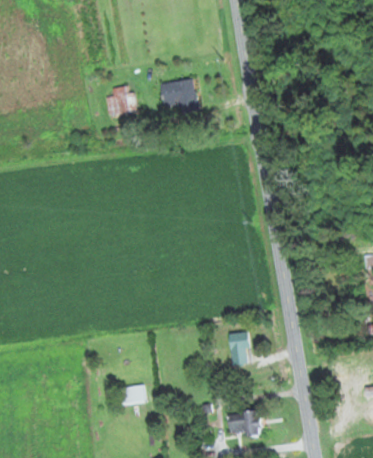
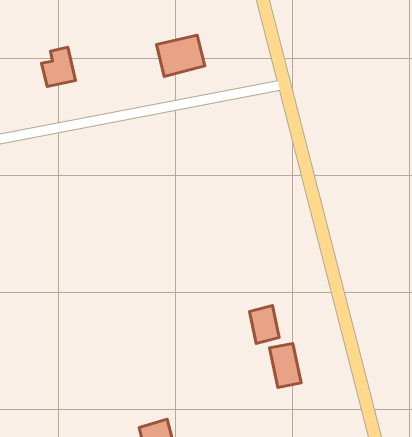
building: [106,86,132,116] -> [41,47,76,87]
building: none -> [249,305,279,343]

